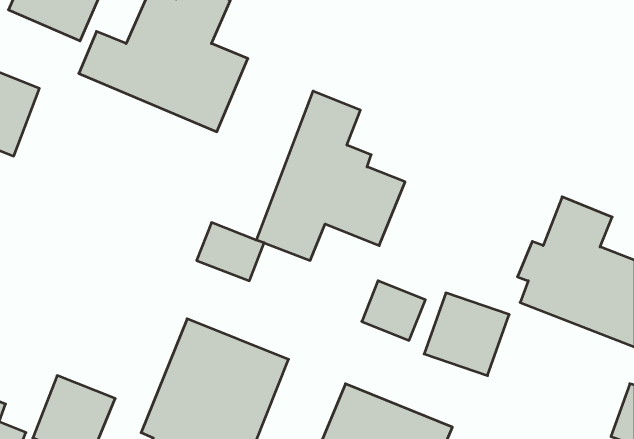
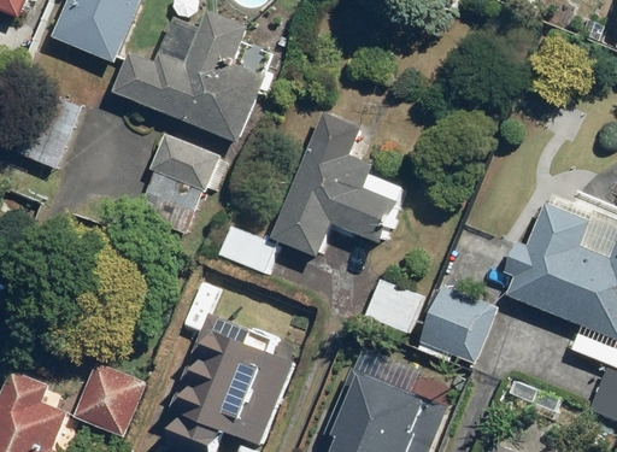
building: none -> [133,129,228,235]

